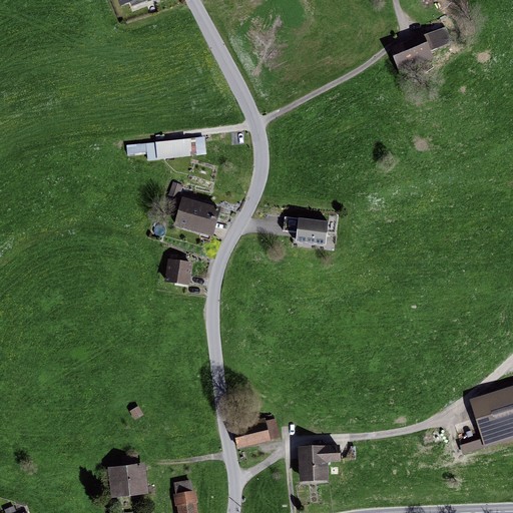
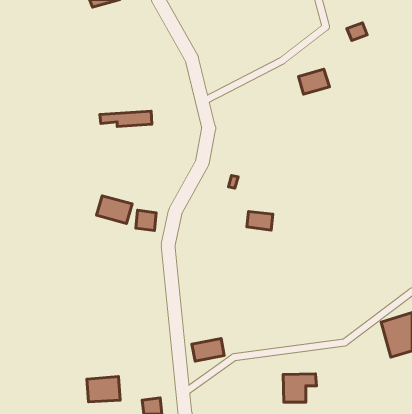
building: [397,36,435,67] -> [299,69,329,94]
building: [176,200,220,234] -> [96,196,132,223]
building: [299,220,331,243] -> [247,212,273,230]
building: [301,447,342,482] -> [283,374,316,402]

